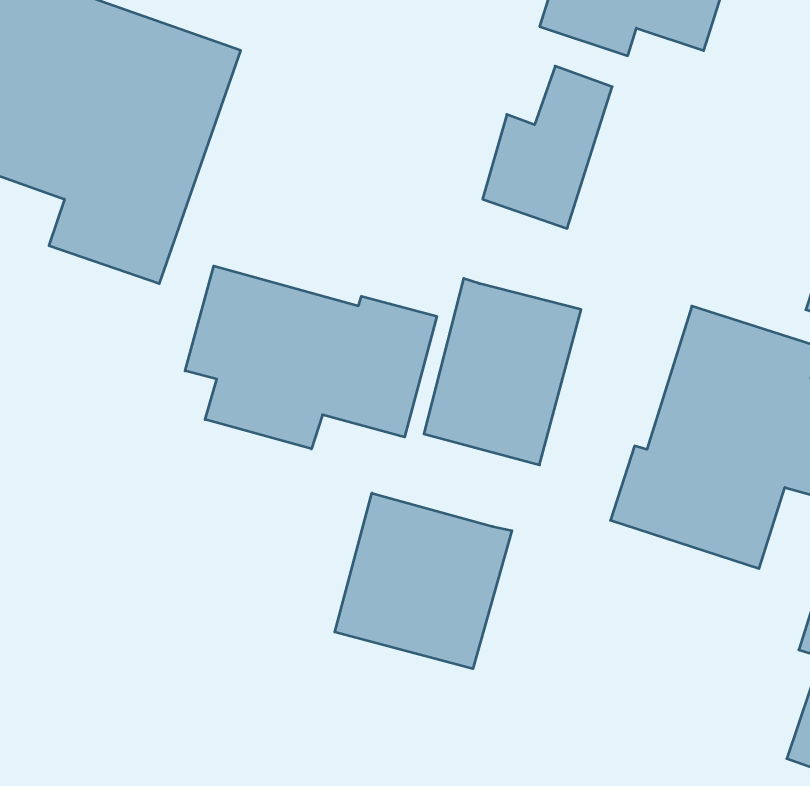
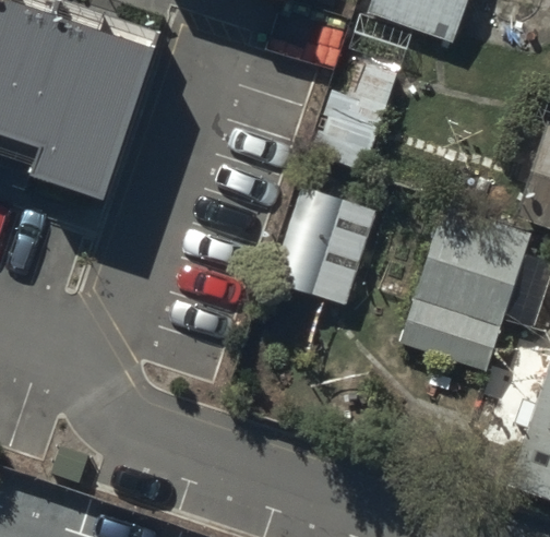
building: [185,266,437,449] -> none
building: [335,493,512,669] -> none

